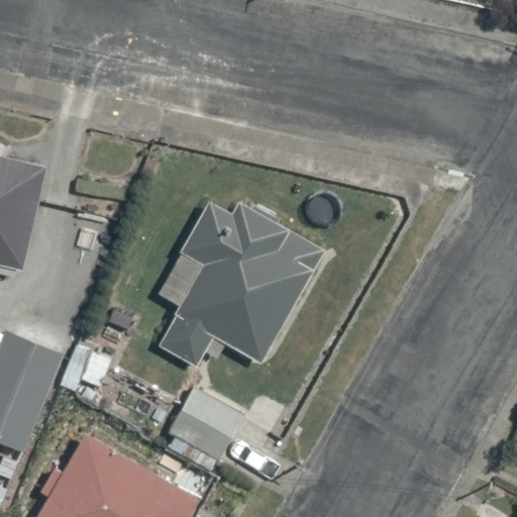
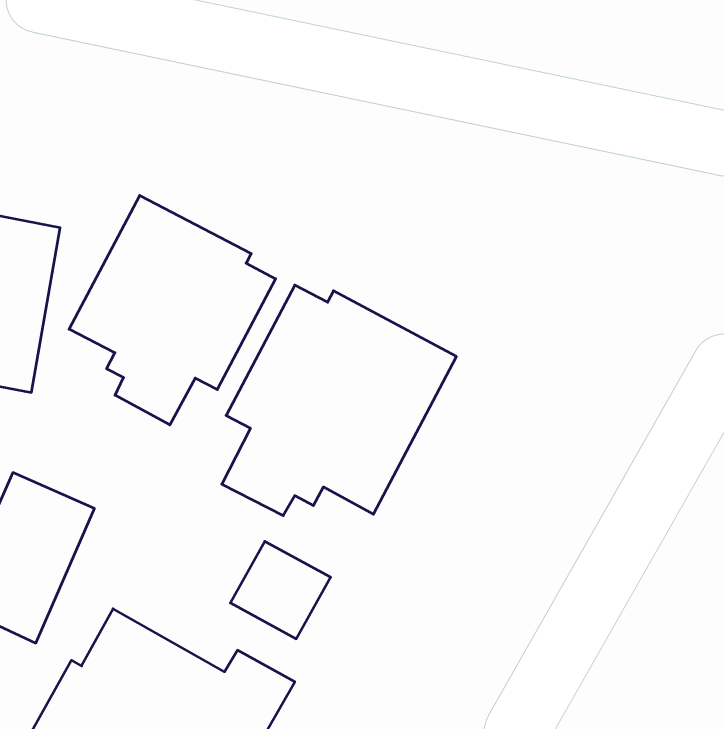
building: none -> [69,195,276,425]

